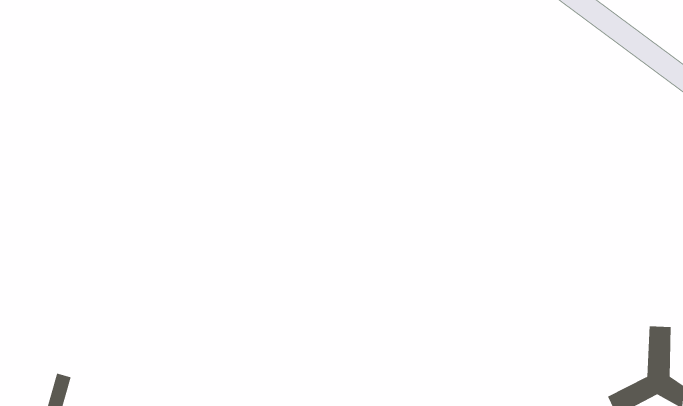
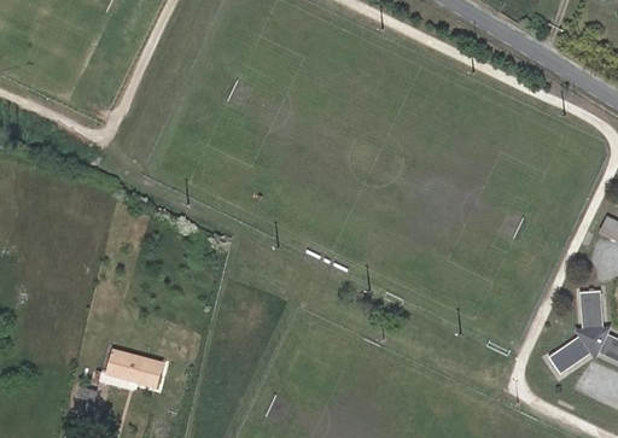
building: none -> [106,351,162,387]

